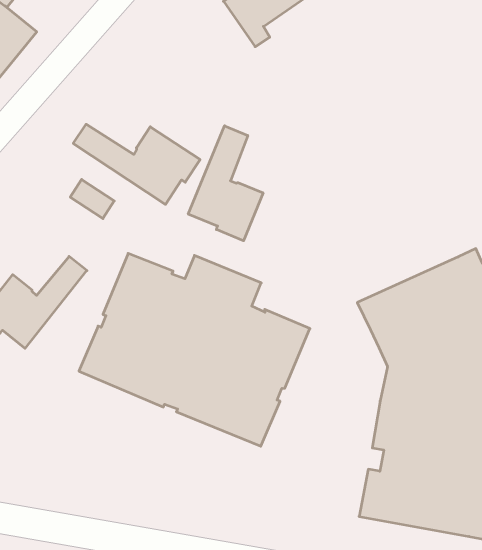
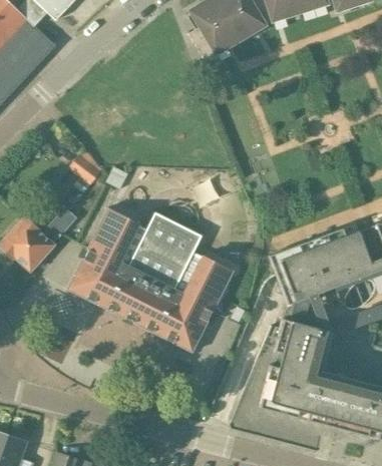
building: [73,124,200,204] -> none
building: [188,126,263,241] -> none

